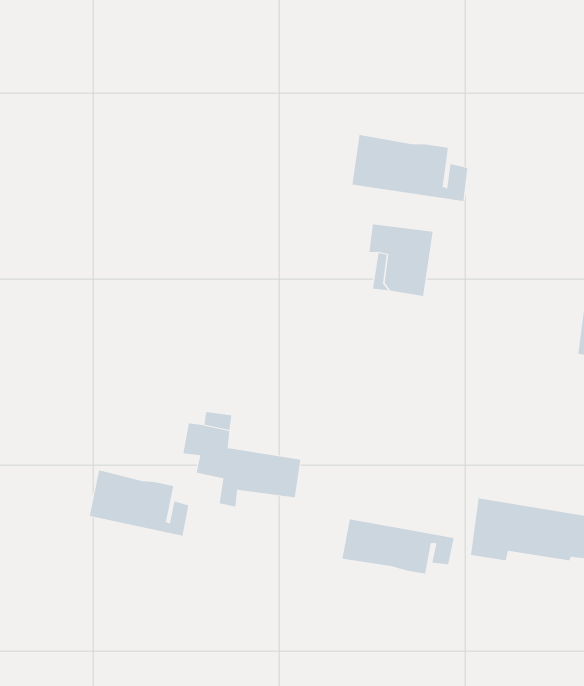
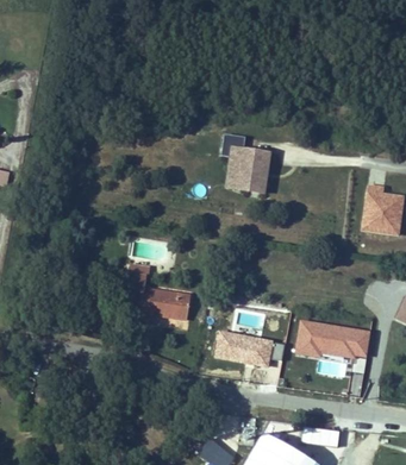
building: [352,134,468,202] -> none
building: [89,469,189,537] -> none

